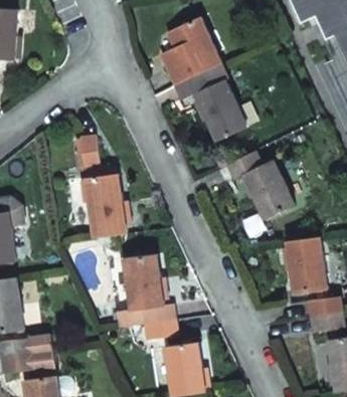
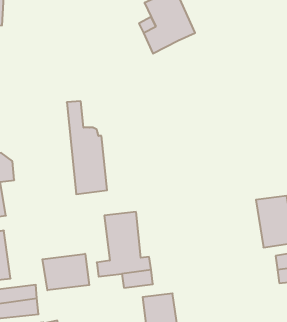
building: [175,72,246,141] -> none
building: [226,152,294,221] -> none
building: none -> [42,254,89,290]

